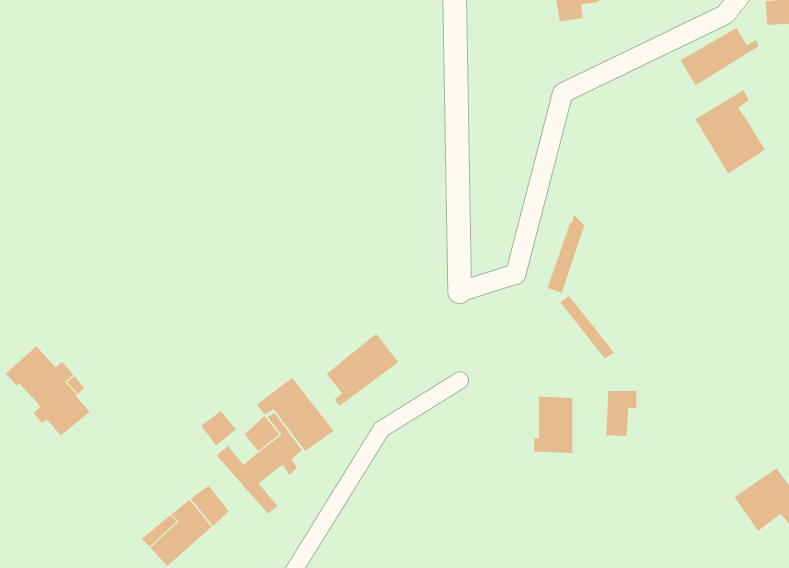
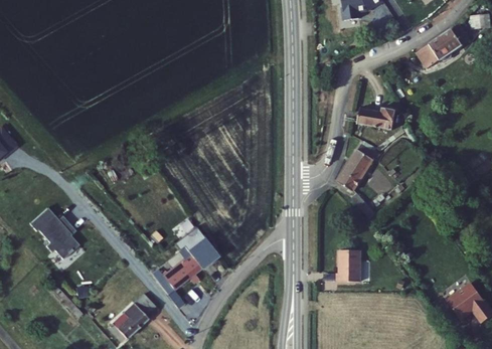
building: [695,89,766,175] -> none
building: none -> [351,104,391,126]
building: [326,333,399,407] -> none
building: [606,390,637,437] -> none

